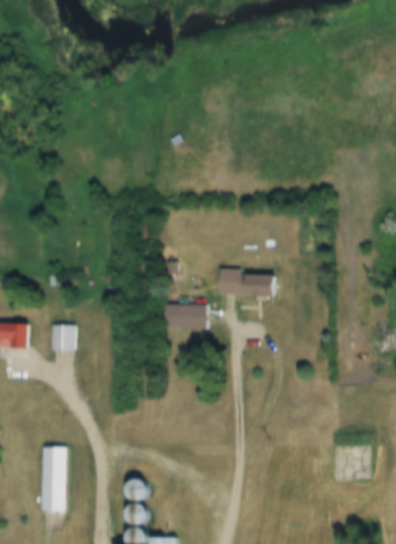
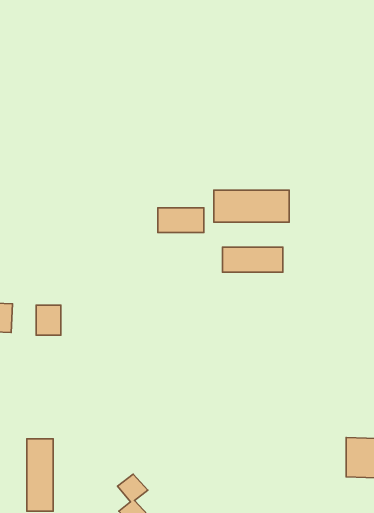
building: none -> [214,190,289,222]
building: [163,304,205,327] -> [158,208,204,233]

